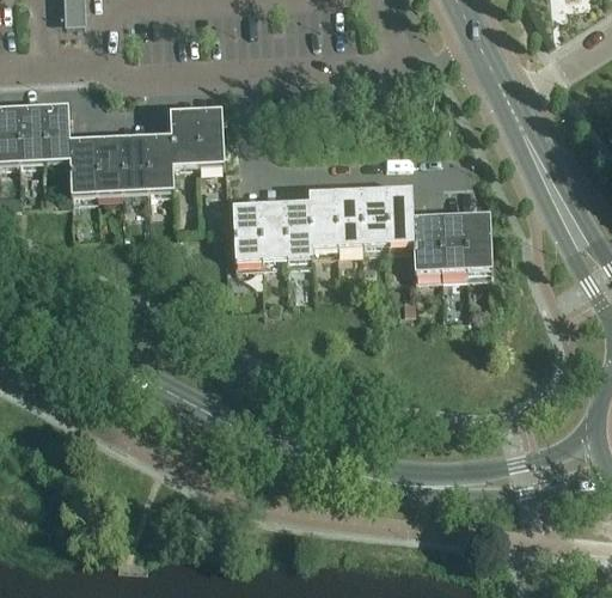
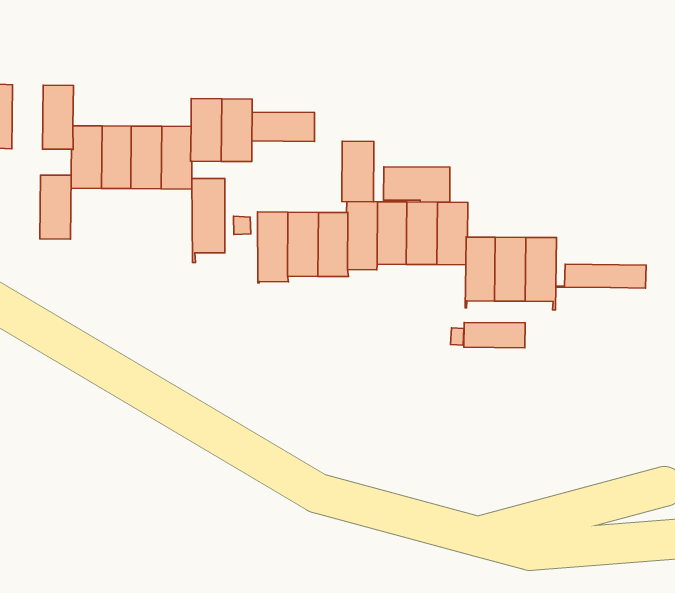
building: [16,104,44,160] -> [40,175,71,239]
building: none -> [252,112,315,141]
building: none -> [342,141,374,202]
building: none -> [384,167,450,202]
building: none -> [192,179,225,262]
building: none -> [556,264,646,288]
building: none -> [464,322,525,348]

